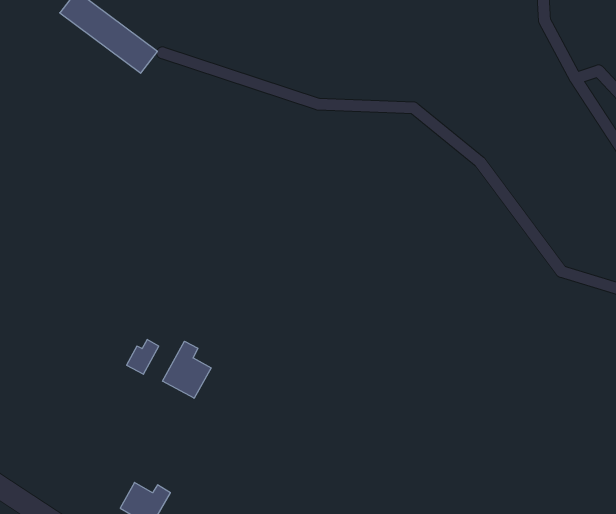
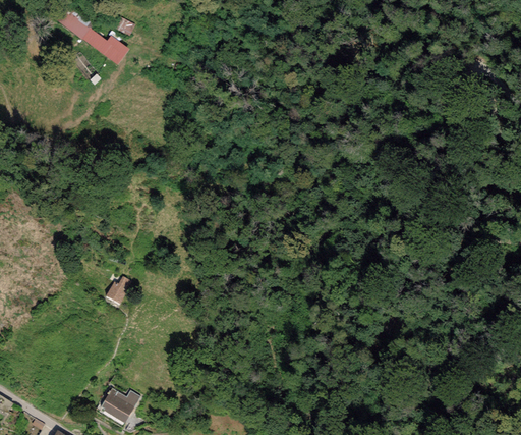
building: [163,341,211,398] -> none

